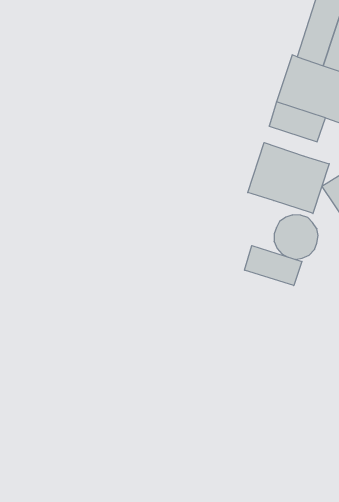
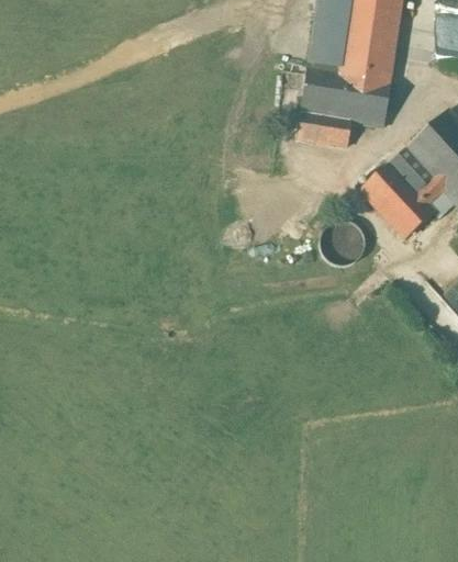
building: [248,143,329,214] -> none
building: [245,246,302,286] -> none

